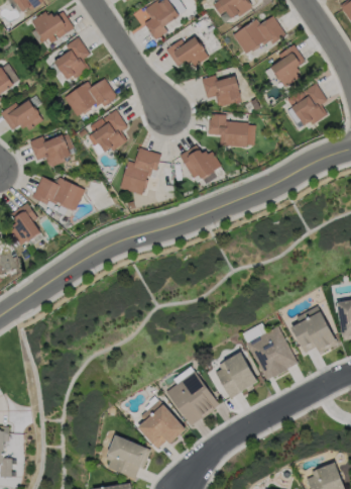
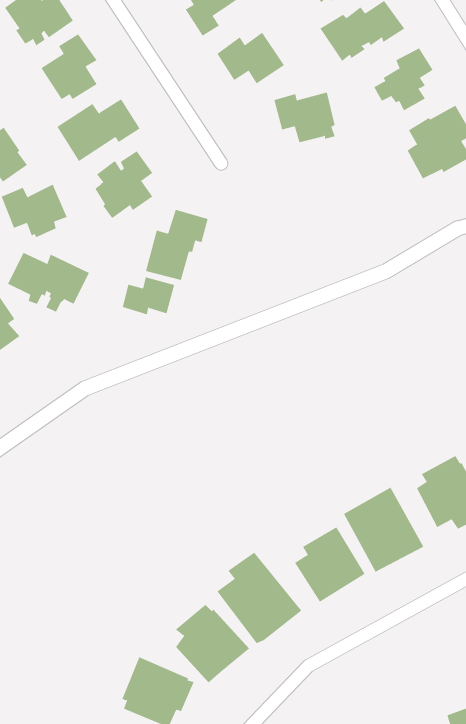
building: [209,113,255,148] -> none
building: [179,144,222,179] -> none
building: none -> [122,277,175,315]

